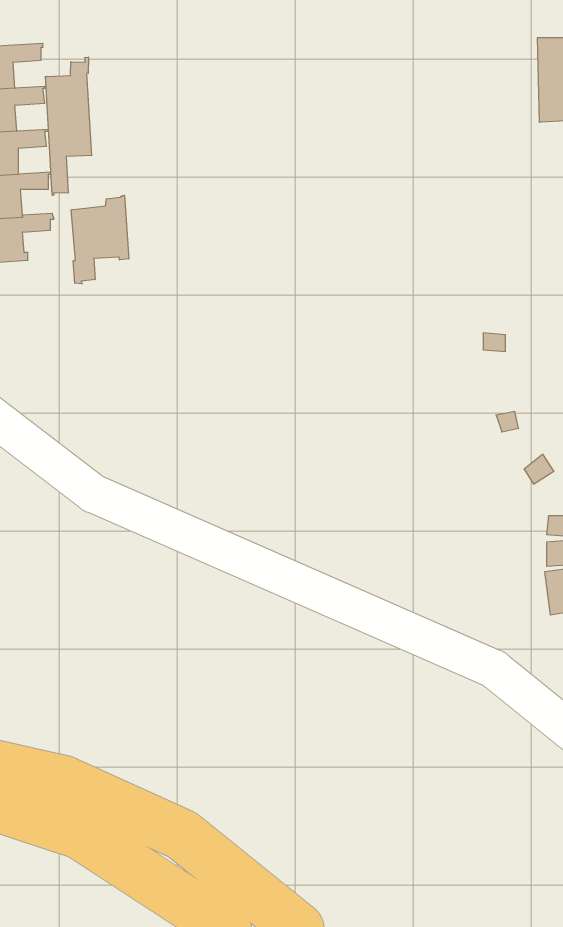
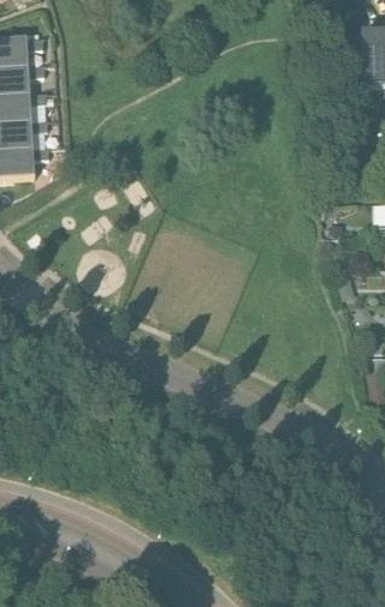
building: [45,57,91,195] -> none
building: [71,195,129,284] -> none

